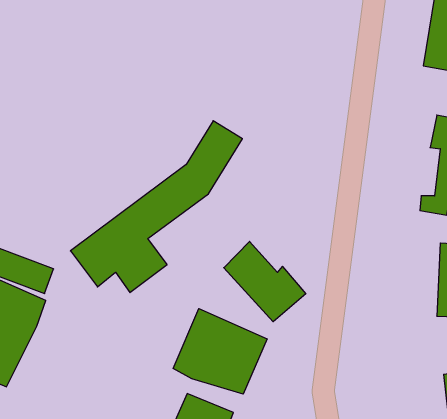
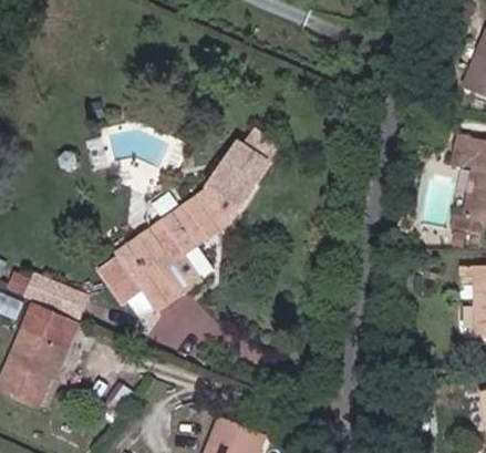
building: [224,241,306,322] -> none
building: [173,309,267,394] -> none

